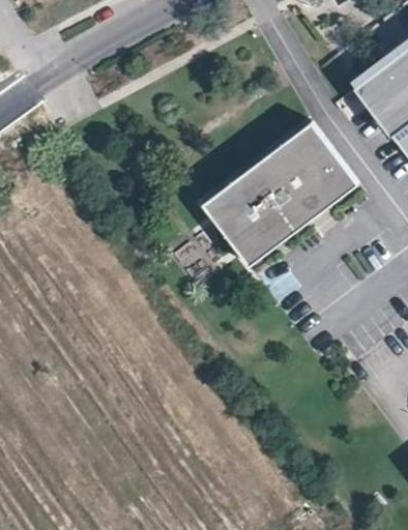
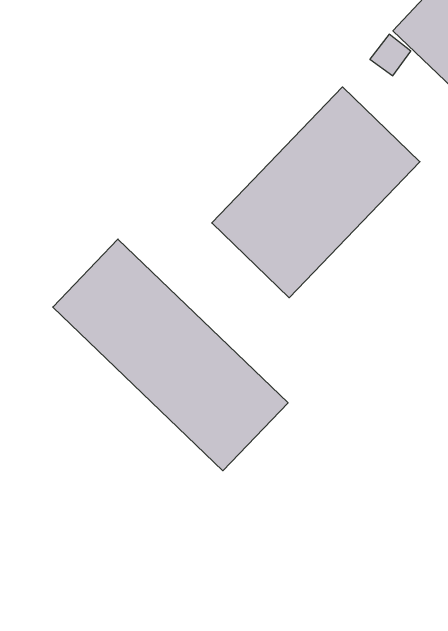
building: none -> [53,239,288,471]

